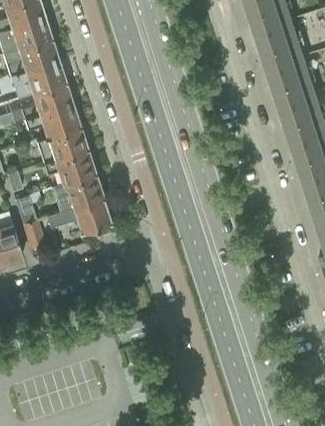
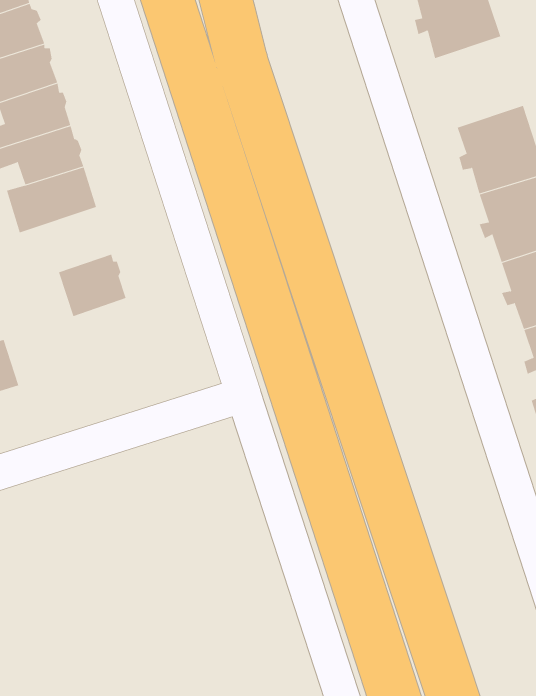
building: [267,57,315,106] -> none
building: [43,149,93,185] -> none
building: [45,198,109,233] -> none

